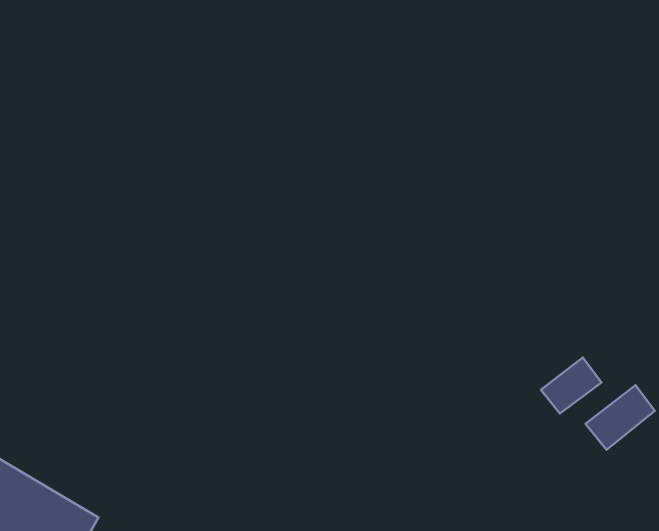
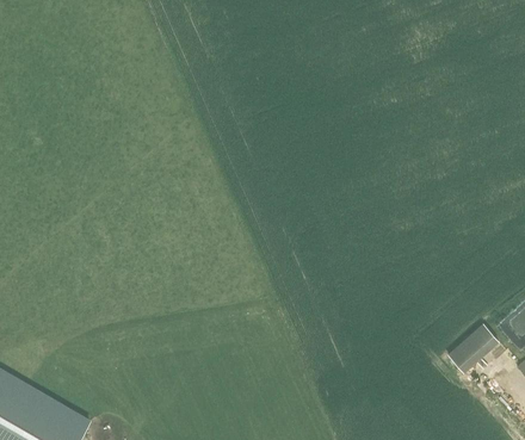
building: [541,357,601,414] -> none

